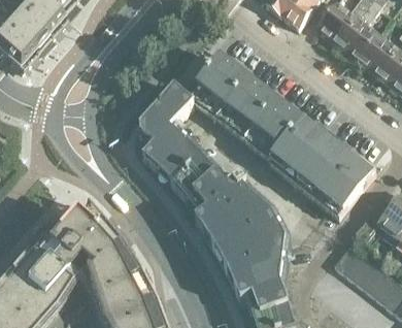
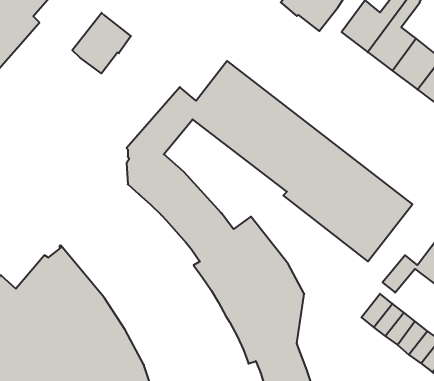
building: none -> [72,13,131,73]

